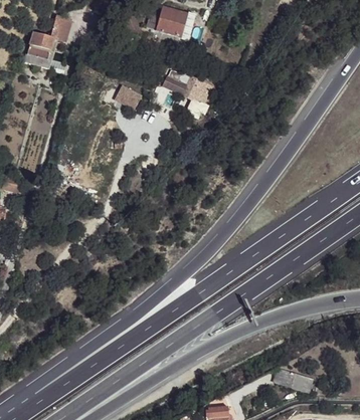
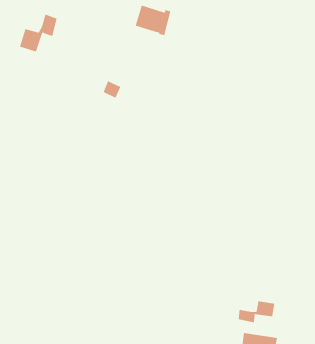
building: [159,67,207,101] -> none
building: none -> [238,300,275,323]

